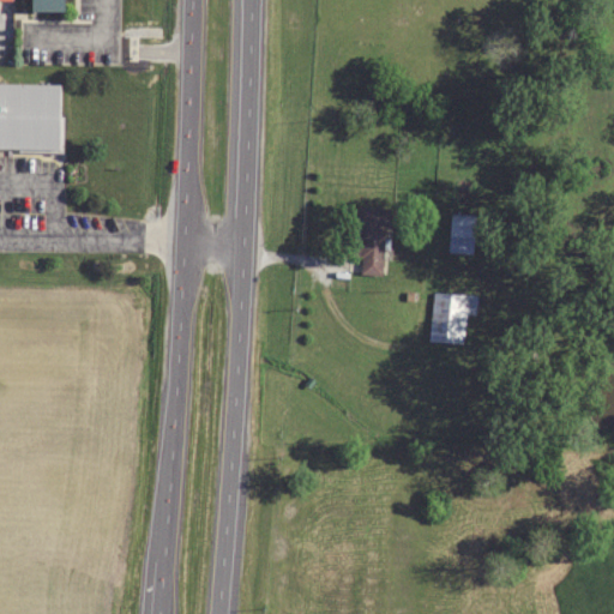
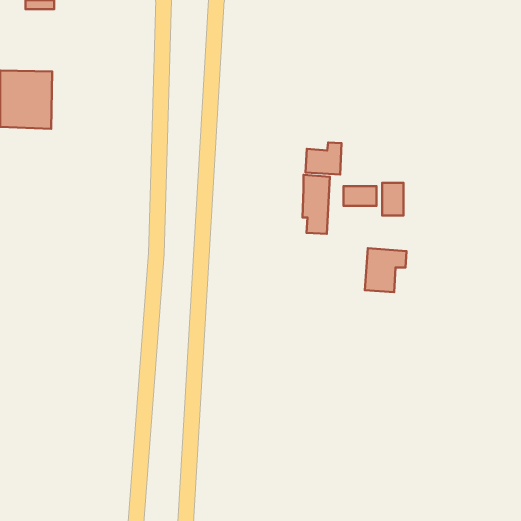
building: none -> [305,142,342,174]
building: none -> [343,186,376,206]

